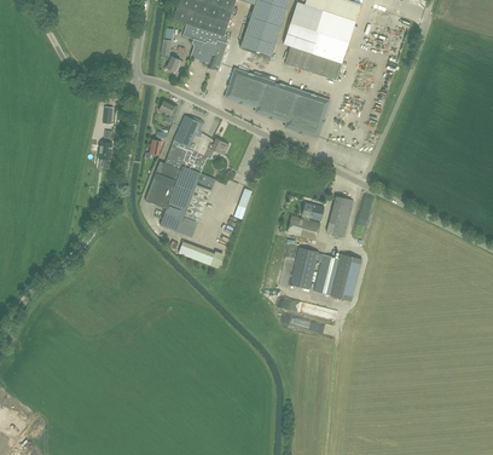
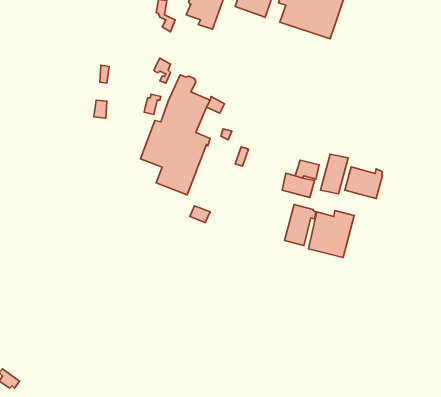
building: [225,69,329,137] -> none
building: none -> [345,167,383,198]

